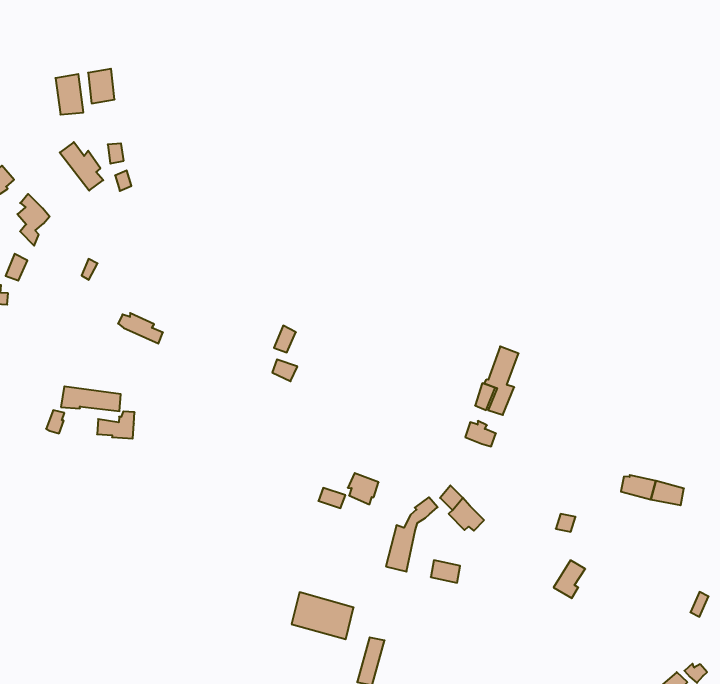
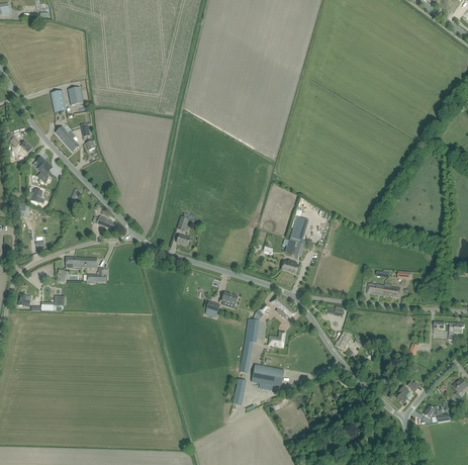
building: [292,592,354,639] -> [252,364,284,387]

